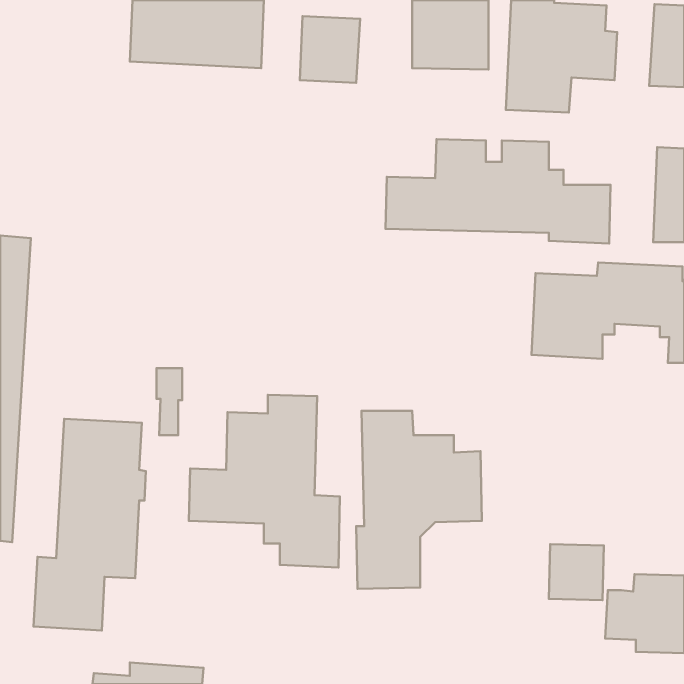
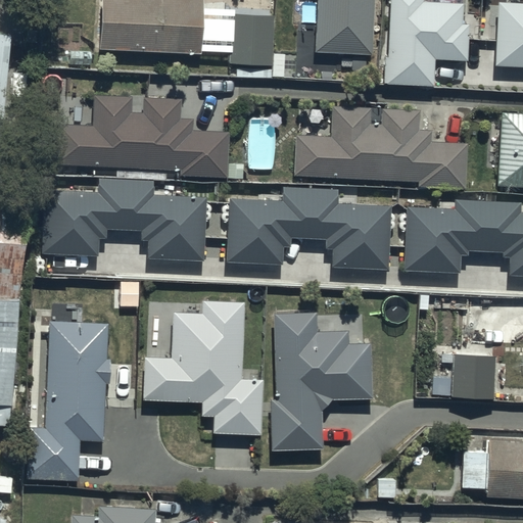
building: none -> [53,94,229,176]
building: none -> [44,178,207,263]
building: none -> [227,187,391,271]
building: [549,544,604,600] -> [451,353,493,396]

